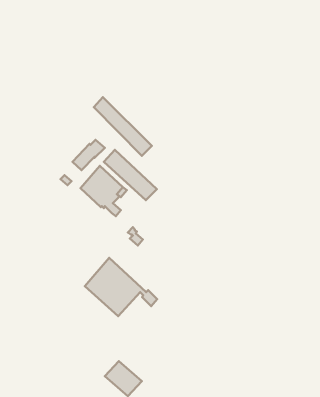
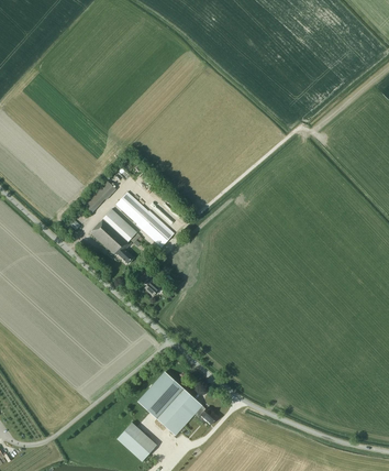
building: [94,97,152,156] -> none
building: [85,258,157,316] -> [138,372,218,436]

